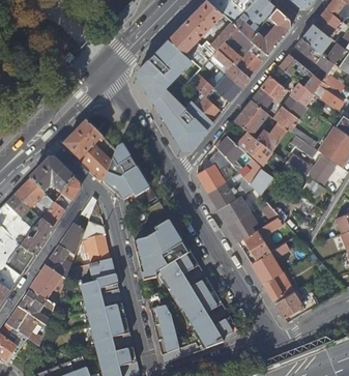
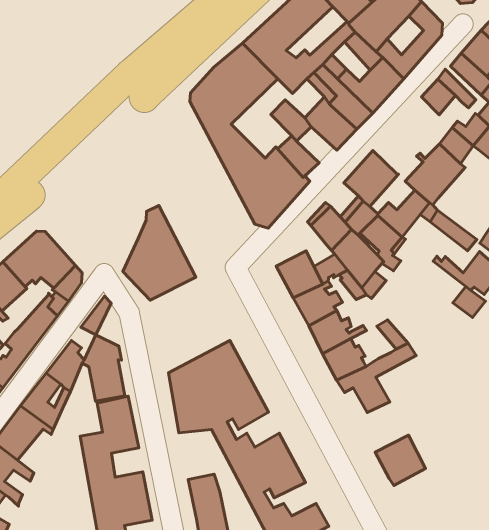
building: [251,76,286,113] -> none
building: [64,121,111,181] -> none
building: [251,242,289,283] -> none
building: [274,289,303,317] -> none

